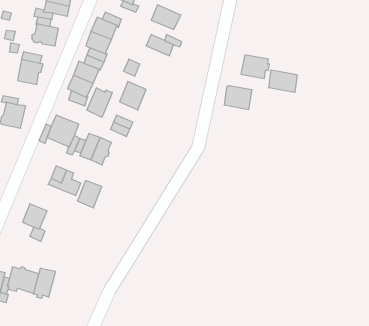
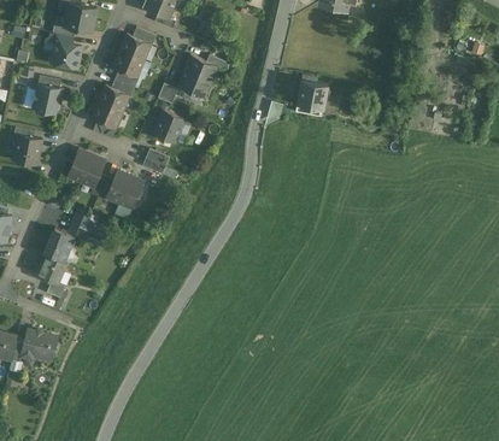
building: [151,5,181,29] -> [177,67,212,96]
building: [269,70,297,92] -> none
building: [224,86,252,110] -> none
building: [87,88,112,117] -> none
building: [77,180,102,208] -> [45,229,74,261]
building: [34,268,56,298] -> none

